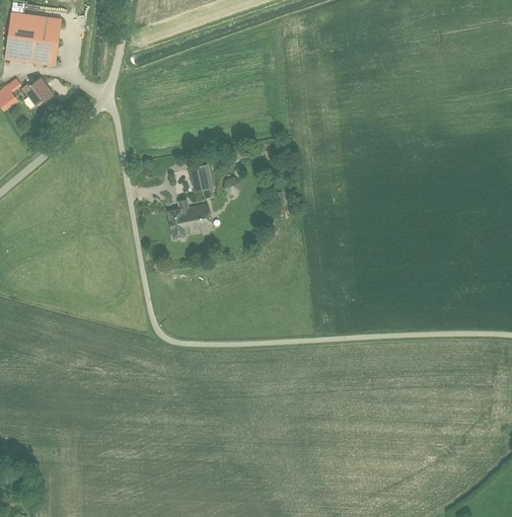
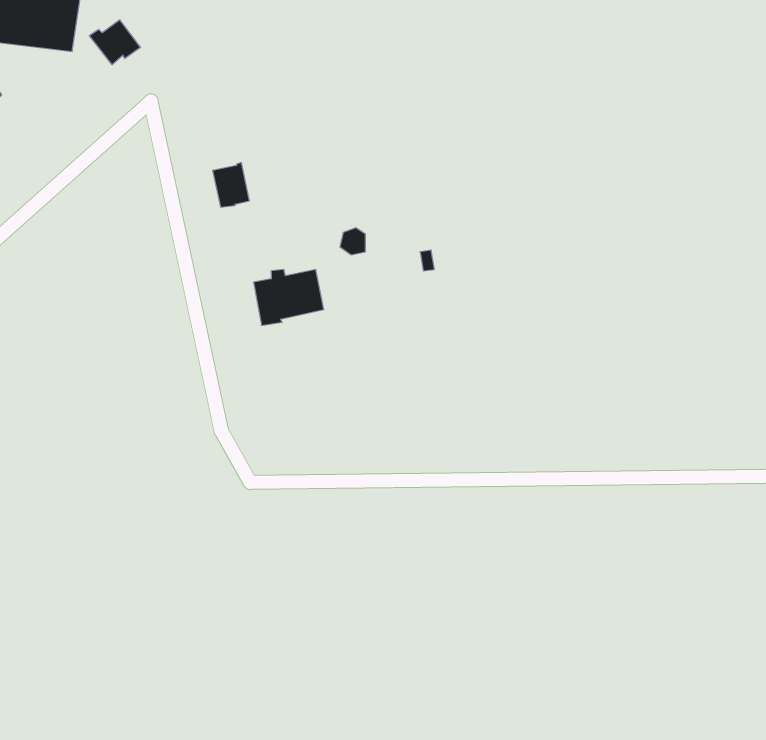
building: [21,77,54,105] -> [89,20,141,65]
building: [190,163,213,192] -> [213,162,249,207]

